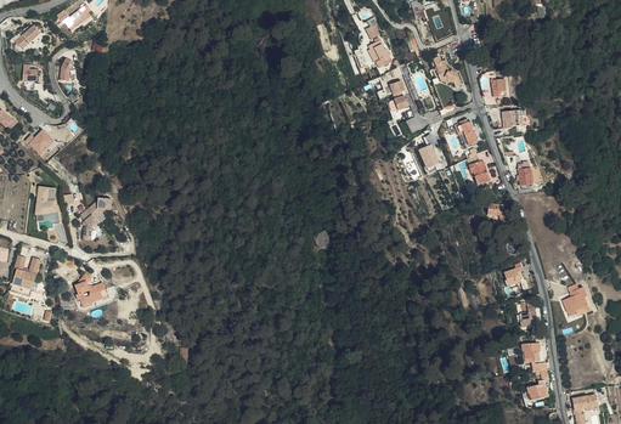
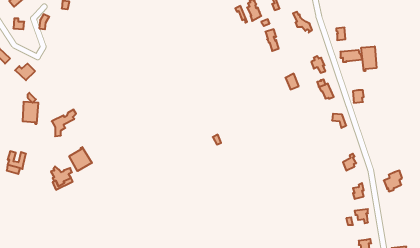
building: none -> [361,46,376,71]
building: none -> [69,147,92,171]

